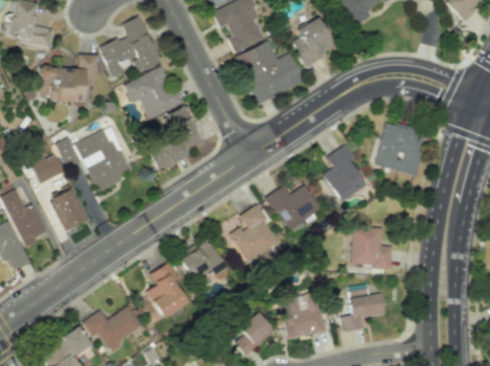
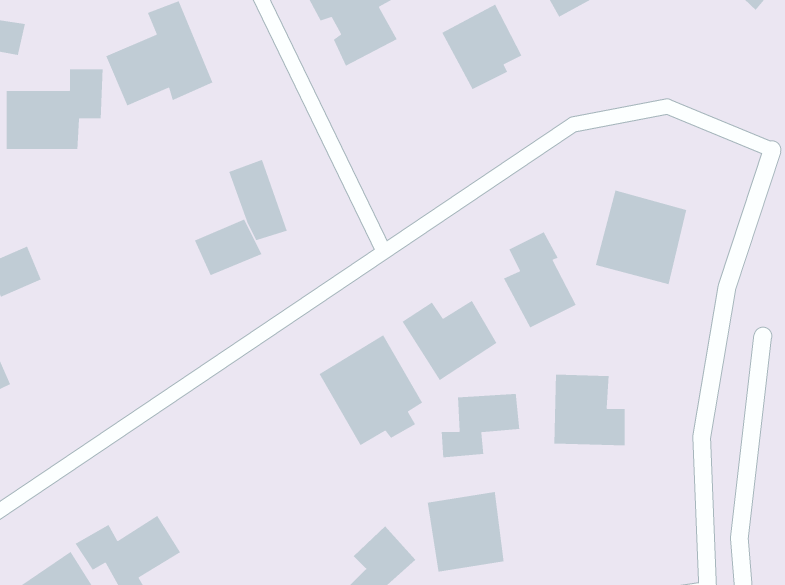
building: [238,41,305,102] -> none
building: [124,65,181,118] -> none
building: [57,126,133,189] -> none
building: [50,186,88,231] -> none
building: [180,239,226,285] -> none
building: [146,261,188,318] -> none
building: [341,294,385,330] -> [441,393,520,458]

